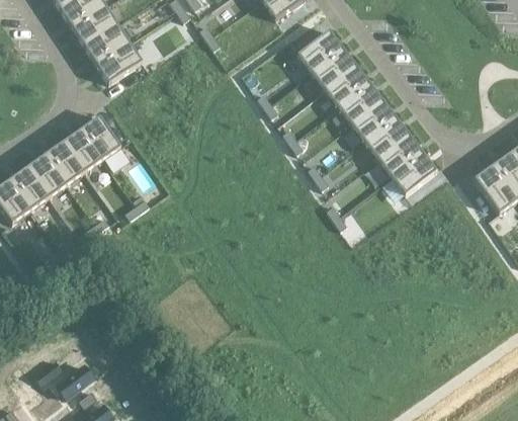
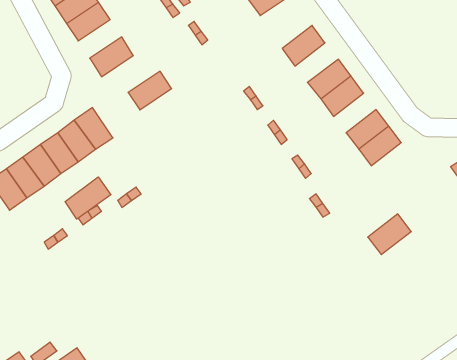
building: [84,23,130,64] -> [128,71,172,110]
building: [311,48,356,89] -> none
building: [351,100,396,142] -> none
building: [391,152,436,194] -> [368,214,411,255]
building: none -> [65,177,111,219]

